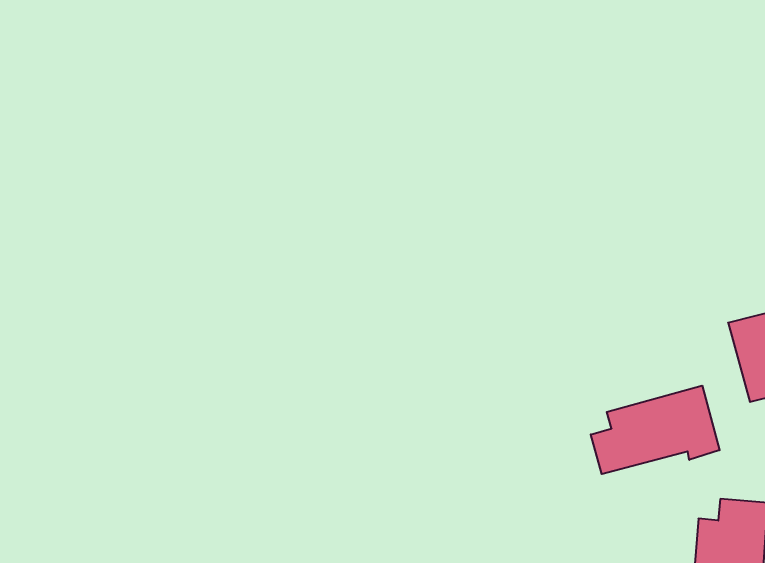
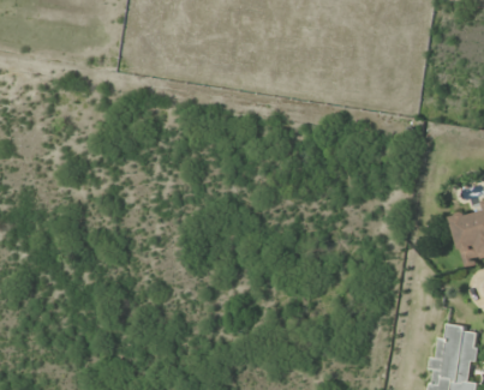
building: [591,386,720,474] -> none

